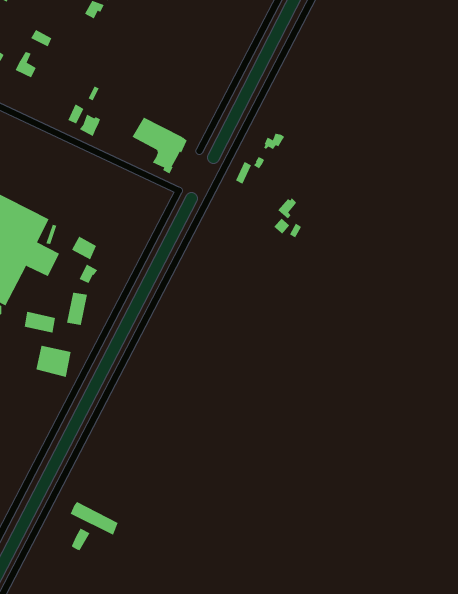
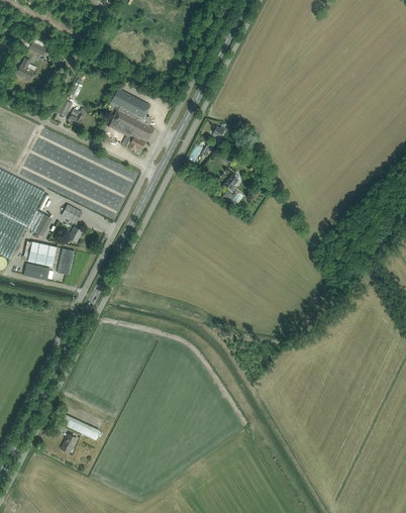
building: none -> [109,88,149,126]
building: [36,345,71,377] -> [27,241,56,267]

